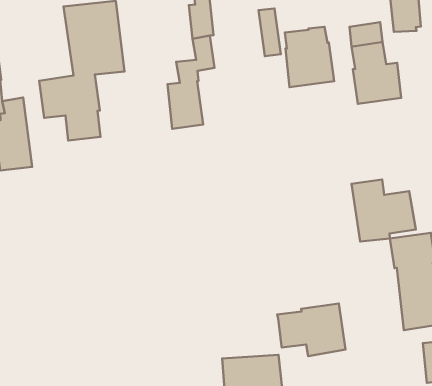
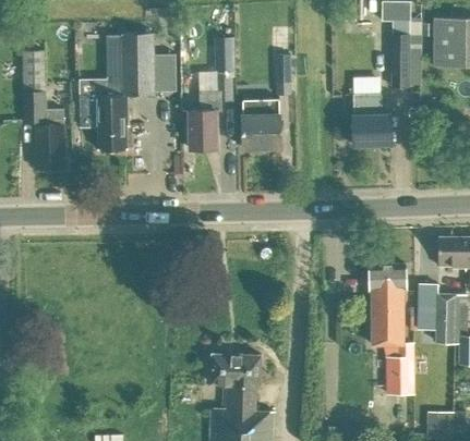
building: [285,27,334,87] -> [241,99,280,148]
building: none -> [157,60,181,96]
building: [352,180,416,241] -> none
building: [277,304,346,356] -> none

